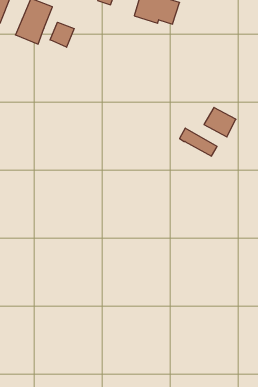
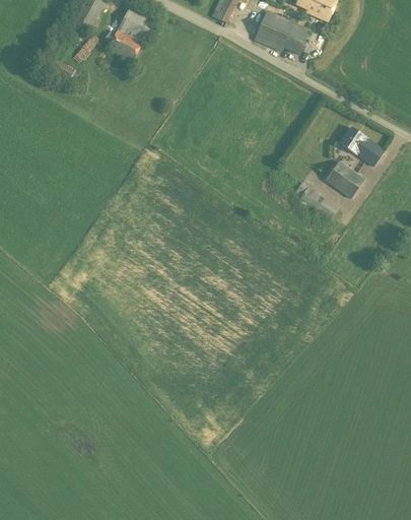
building: [50,22,74,47] -> none
building: none -> [340,127,385,167]

